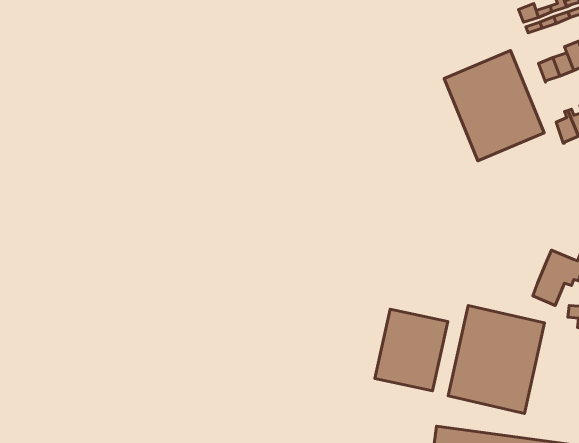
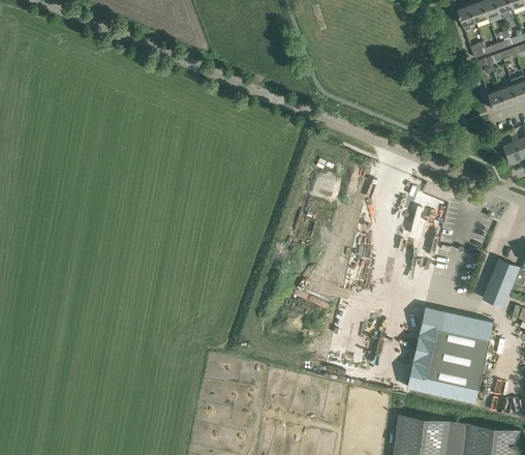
building: [444,51,544,161] -> none
building: [375,309,448,391] -> none

